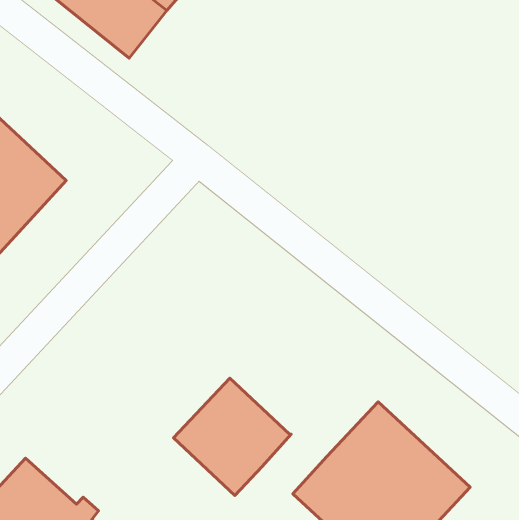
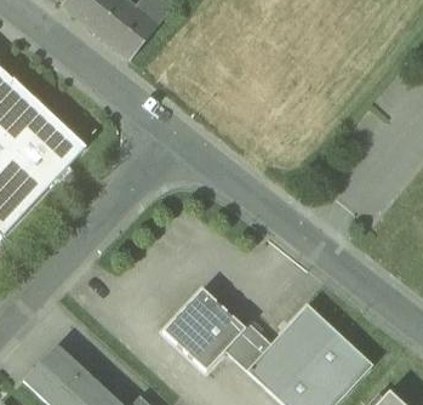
building: none -> [224,324,270,371]

